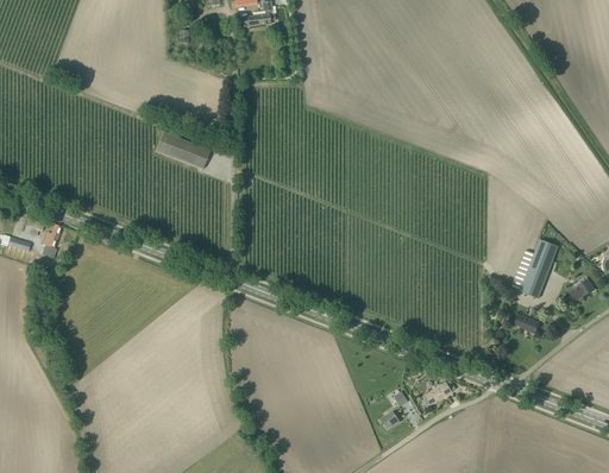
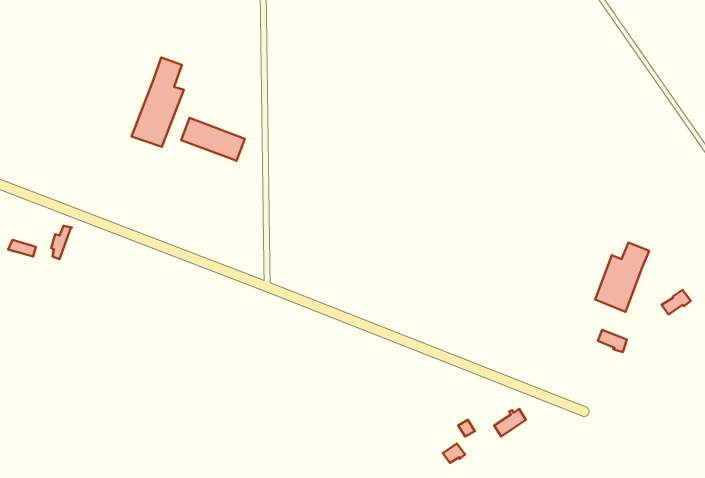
building: none -> [132,57,184,147]

